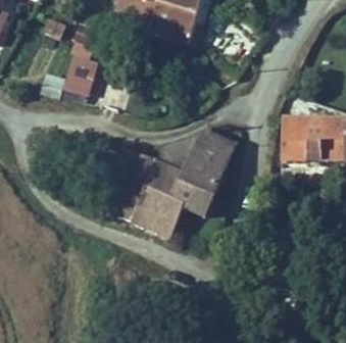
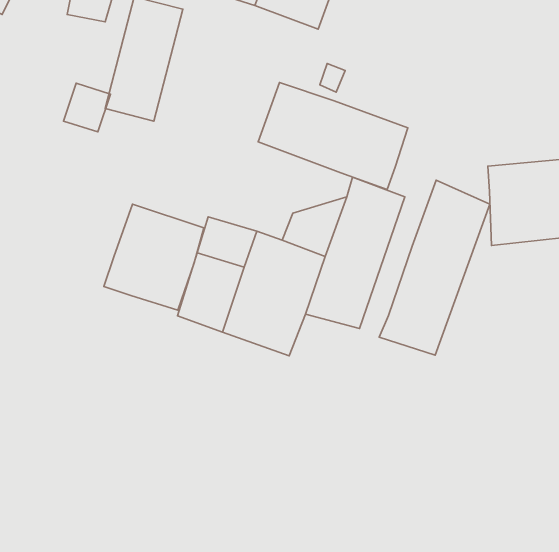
building: none -> [258,83,408,190]
building: none -> [379,180,490,355]
building: none -> [104,204,204,310]

